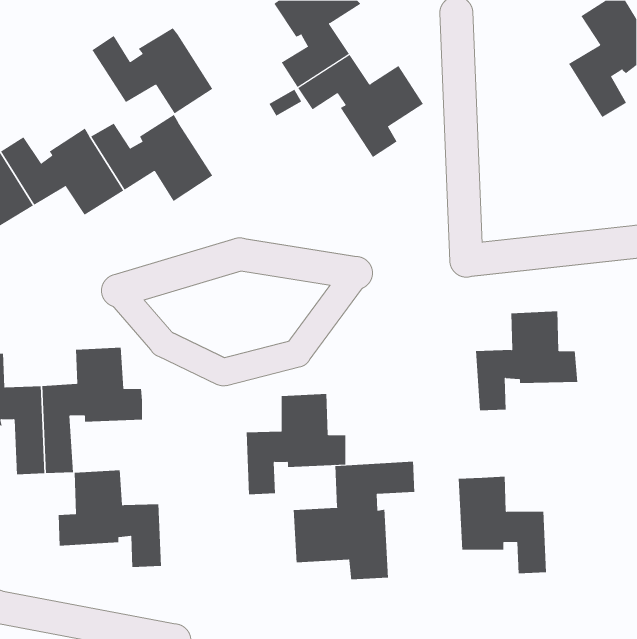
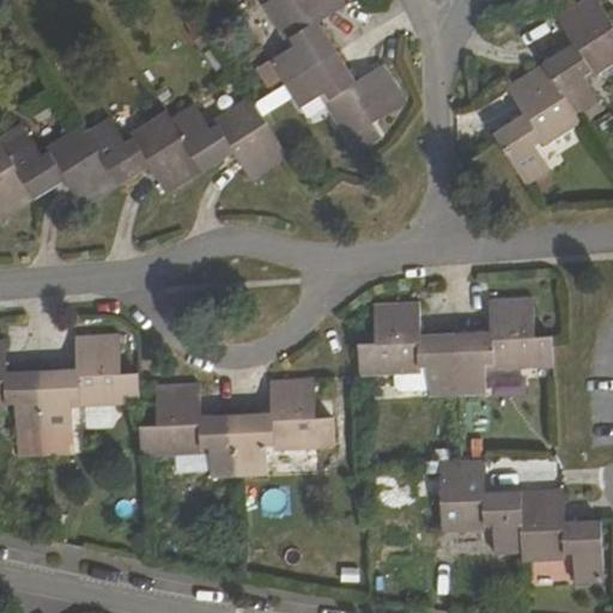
building: [92,28,213,114] -> [171,97,287,180]
building: none -> [493,62,581,184]
building: none -> [359,303,457,395]
building: [293,461,415,580] -> none
building: [58,470,162,568] -> [138,382,237,475]
building: none -> [520,487,603,579]

